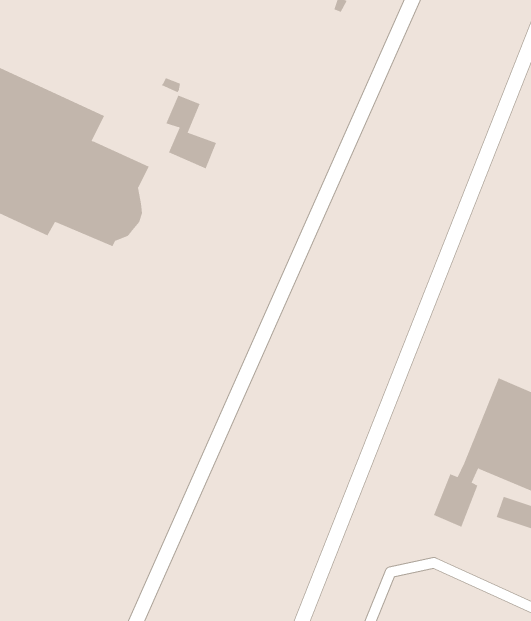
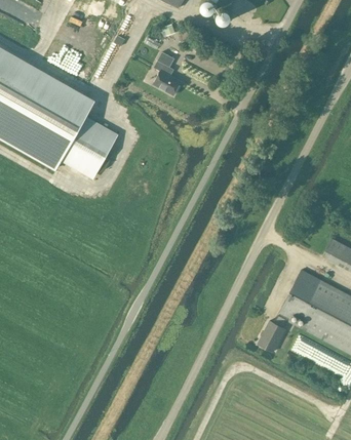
building: [166,95,217,169] -> [153,51,181,94]

